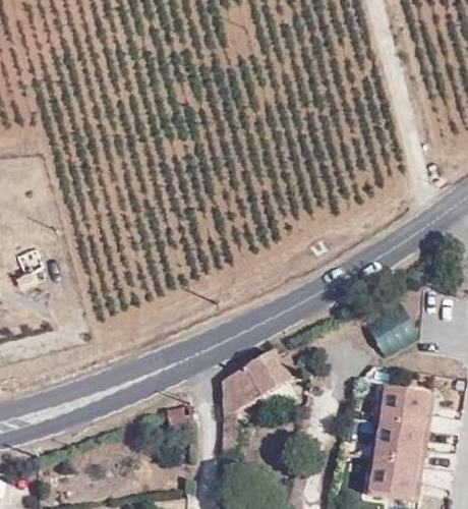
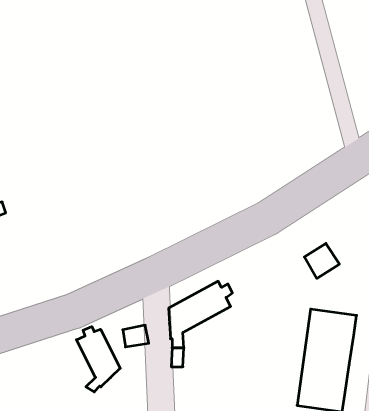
building: none -> [76,327,120,392]

